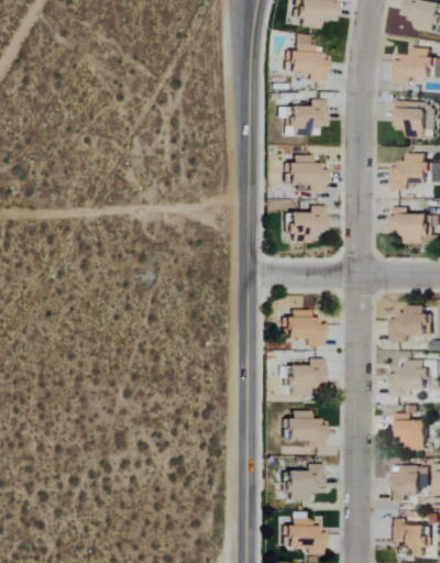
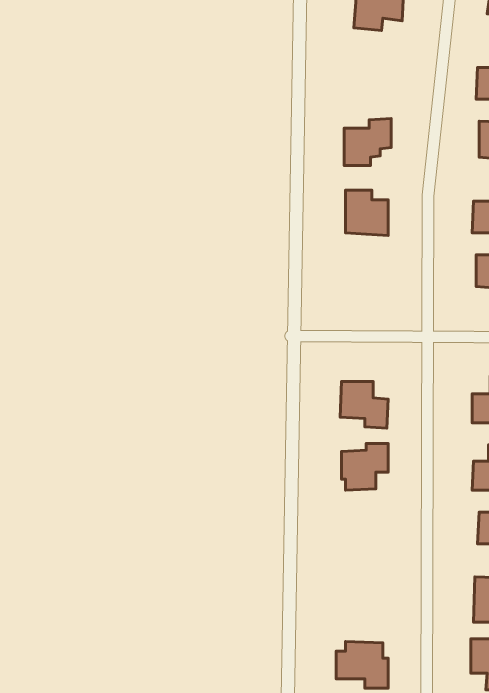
building: [288,34,327,81] -> none
building: [288,207,326,243] -> none
building: [287,409,325,446] -> none
building: [286,464,323,500] -> none

